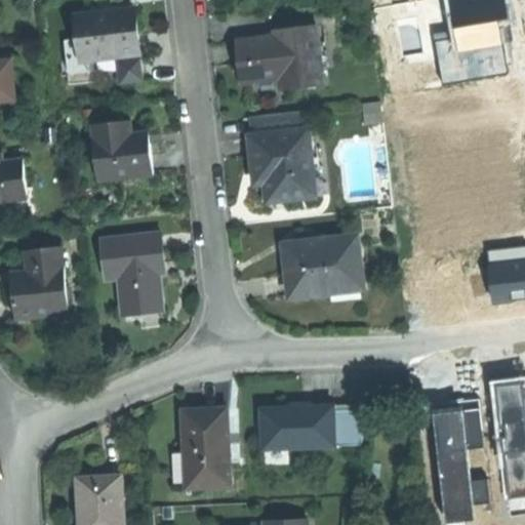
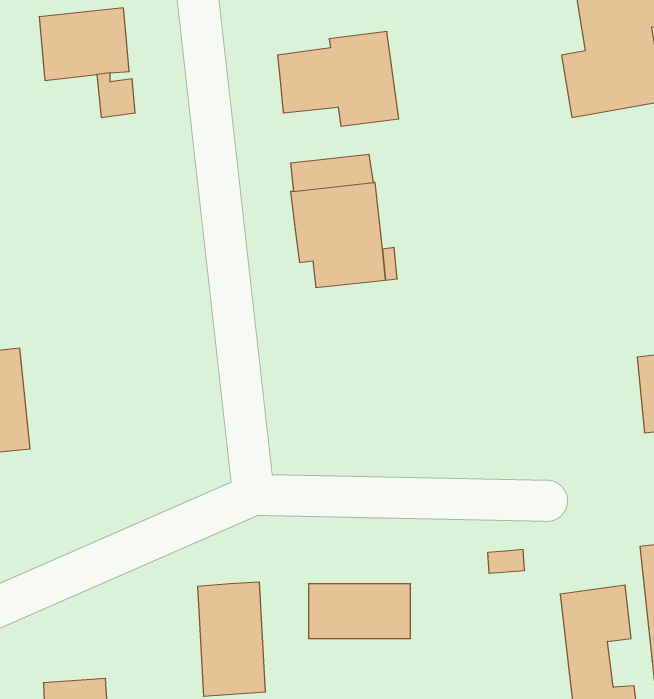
building: [88,119,151,178] -> none
building: [102,234,164,315] -> none
building: [282,237,361,297] -> none
building: [330,410,365,446] -> none

